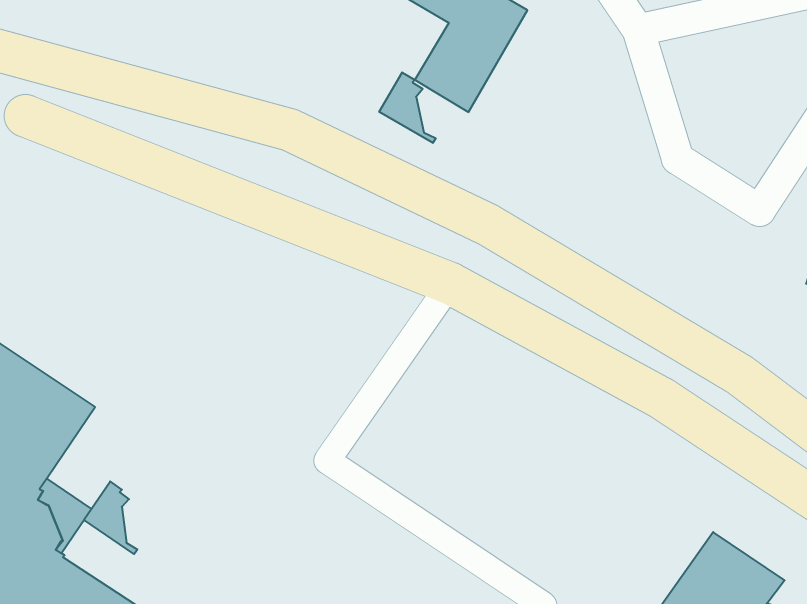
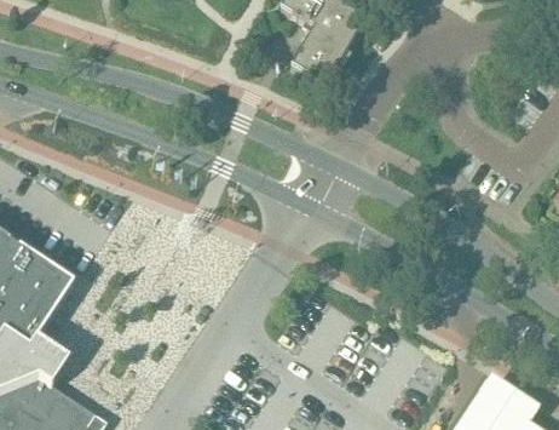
building: [379,72,436,143] -> none
building: [84,481,137,554] -> none

